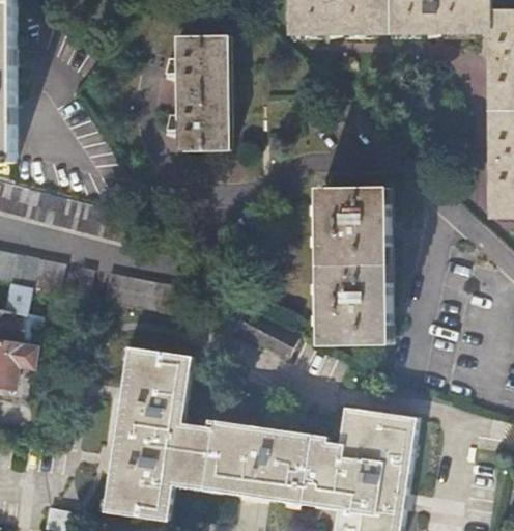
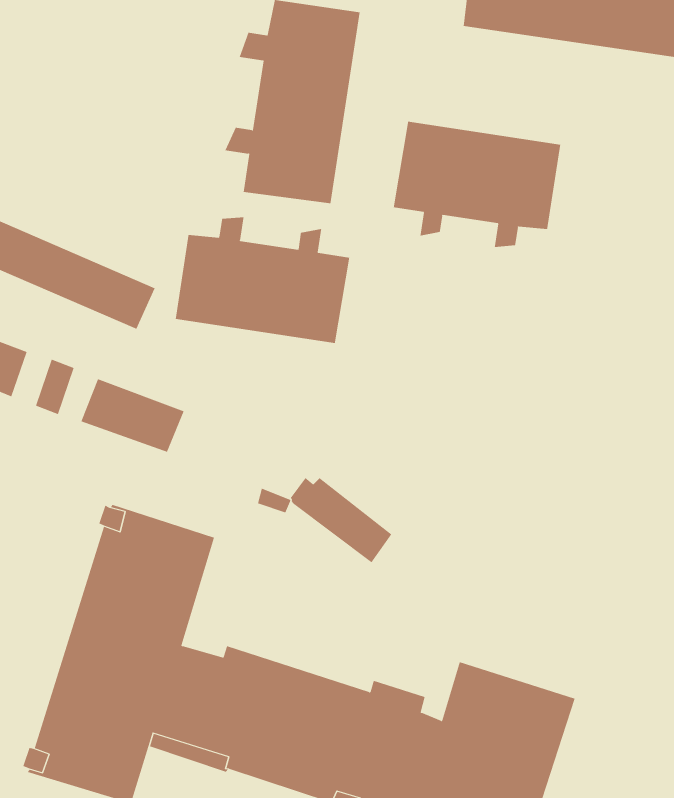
building: none -> [393,121,561,248]
building: none -> [175,216,350,344]
building: [317,187,389,345] -> none

